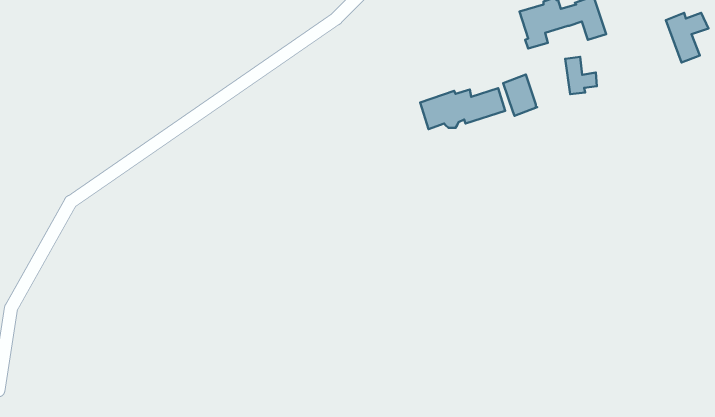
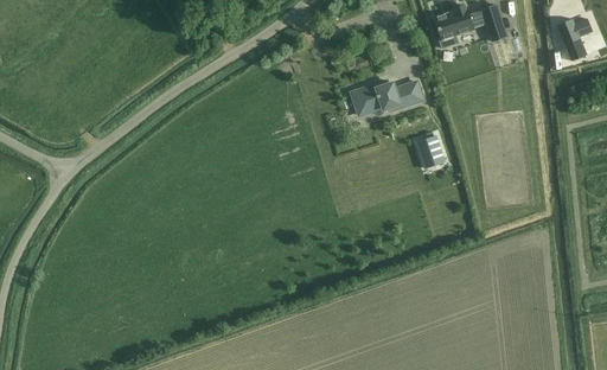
building: [565,57,597,94] -> none
building: [503,75,537,116] -> [418,133,447,167]

